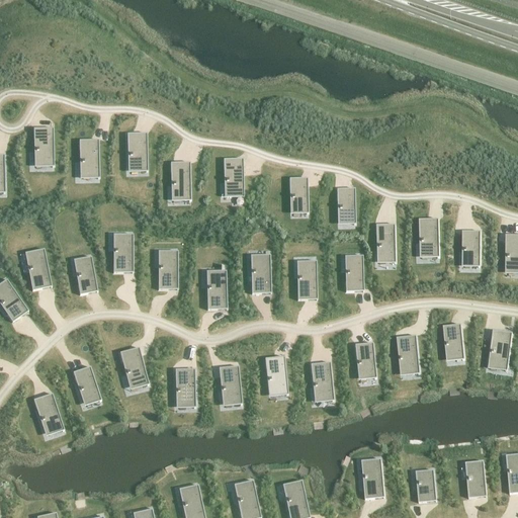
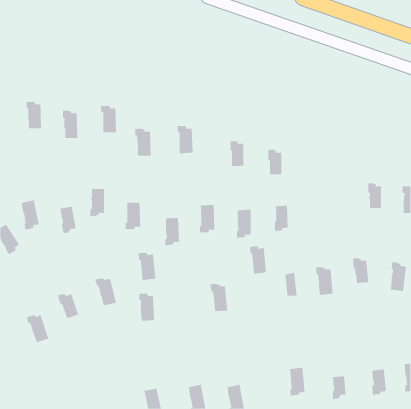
building: [418,218,438,253] -> none
building: [374,224,395,259] -> none
building: [310,362,332,398] -> [249,246,267,274]
building: [218,366,241,402] -> [138,252,156,280]

